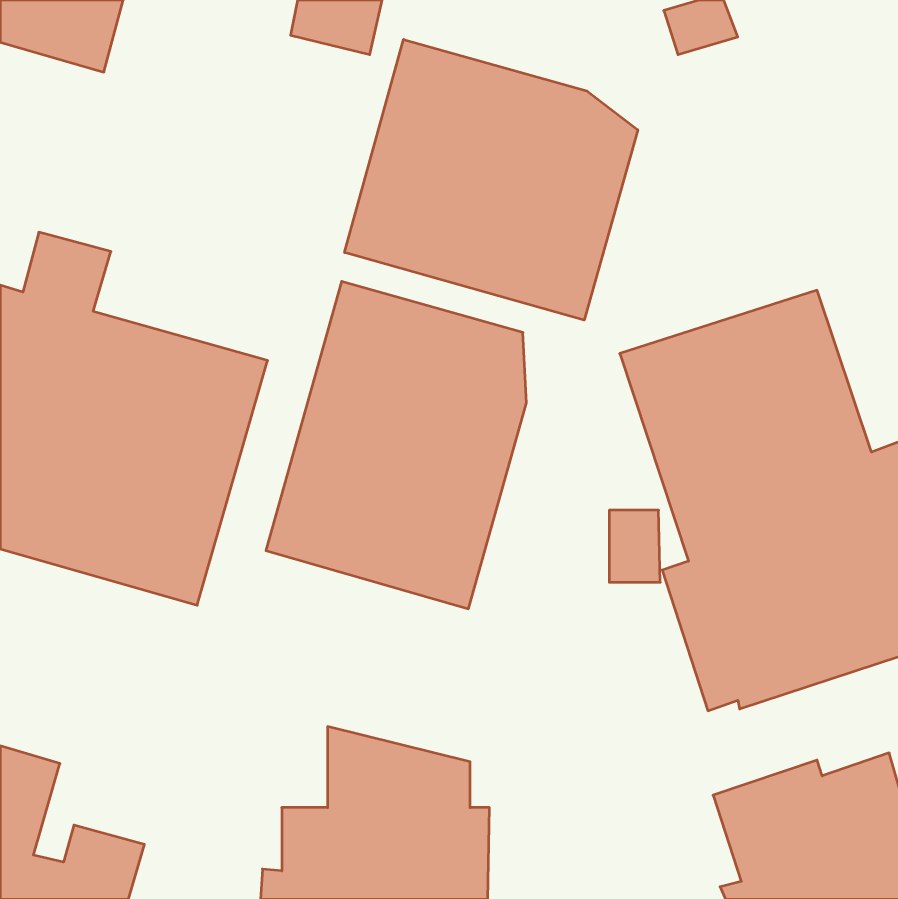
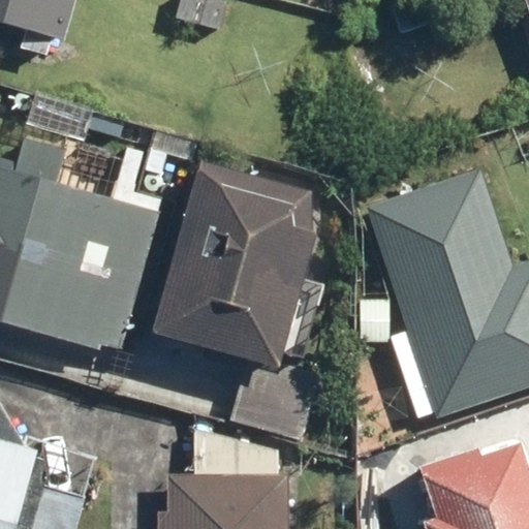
building: [345,39,638,320] -> none

